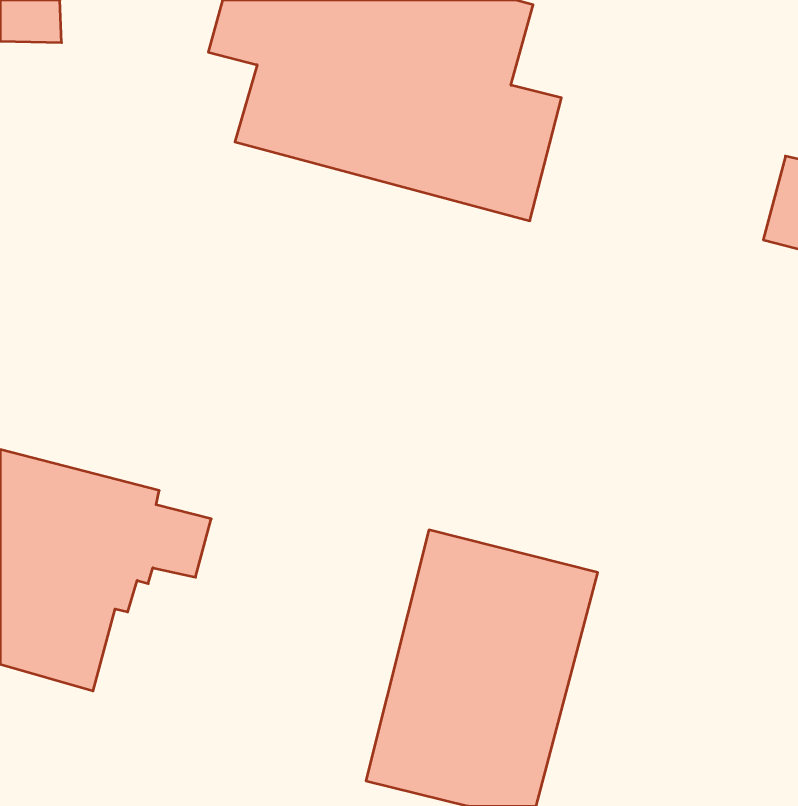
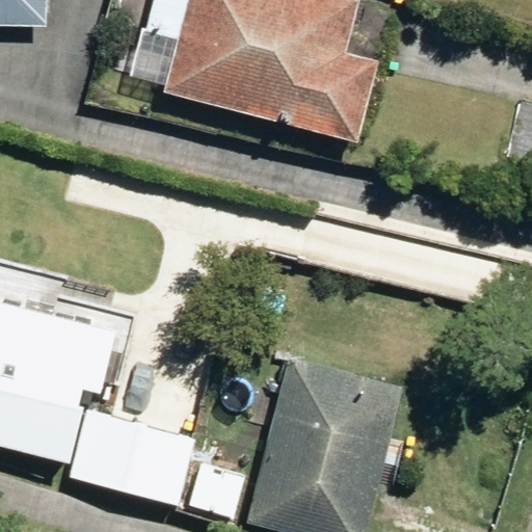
building: none -> [72,407,195,500]

